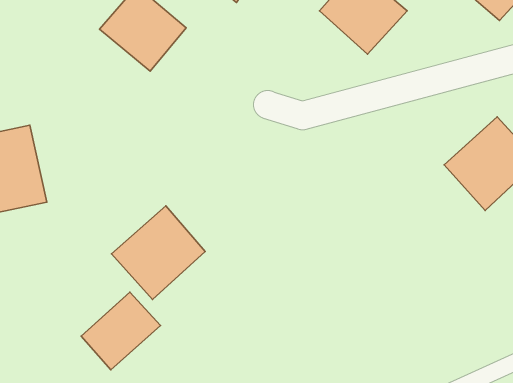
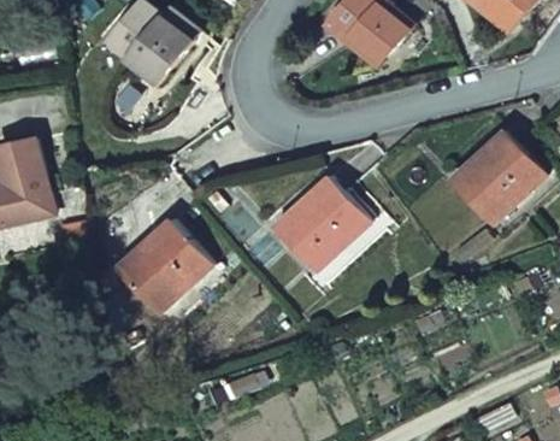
building: none -> [275,176,370,270]
building: [81,292,161,370] -> none

